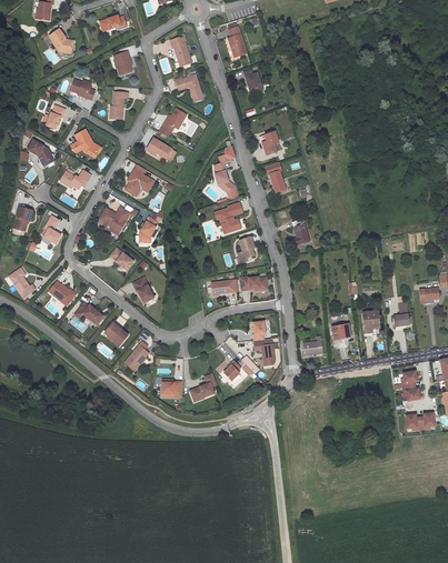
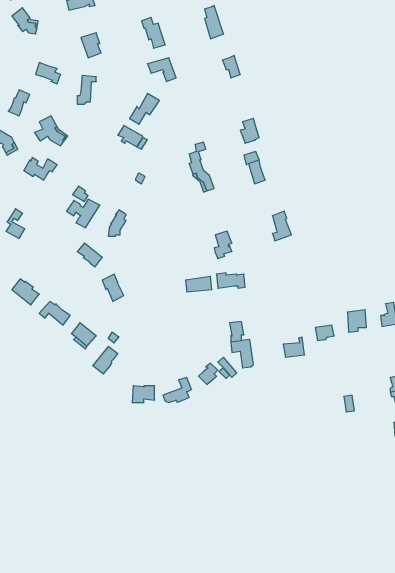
building: [126,163,155,194] -> none
building: [215,202,242,231] -> none

